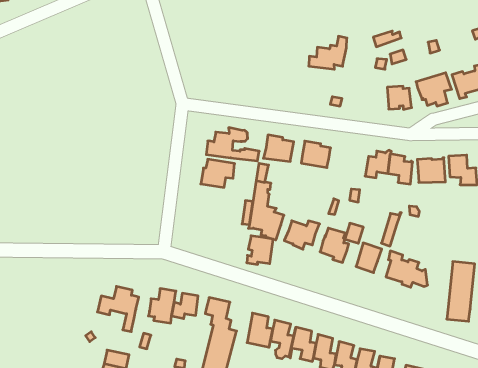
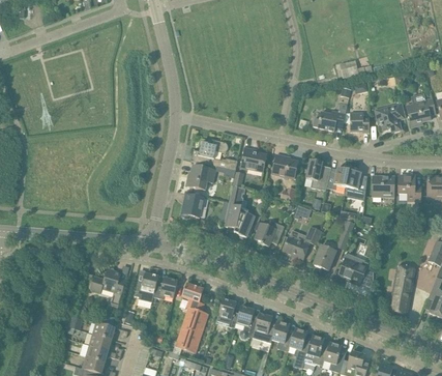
building: [309,36,347,69] -> [313,103,347,131]
building: none -> [306,157,330,191]
building: [247,236,273,264] -> [180,193,204,218]

